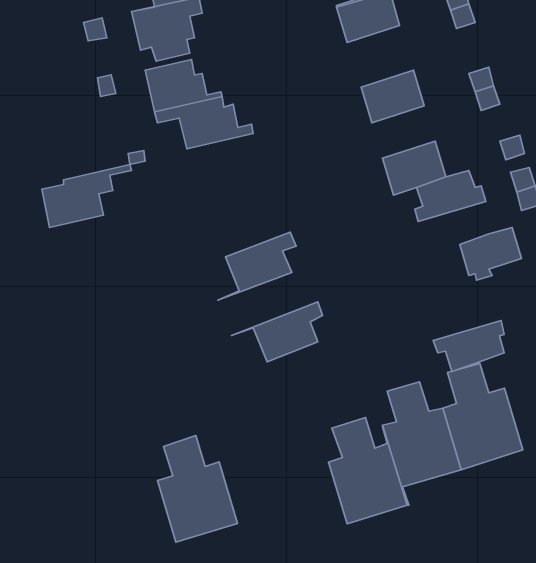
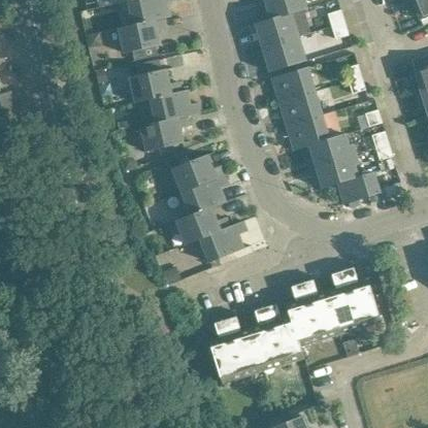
building: none -> [263,36,305,71]
building: none -> [279,90,322,125]
building: [42,164,131,228] -> [141,108,201,151]
building: none -> [172,154,225,191]
building: none -> [176,201,243,243]
building: [433,320,504,371] -> [310,154,358,188]
building: [157,436,238,542] -> [209,310,263,382]

